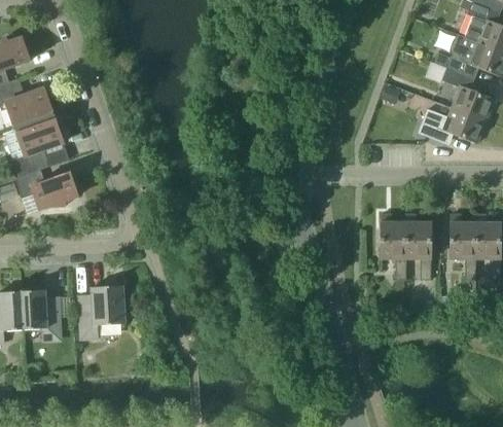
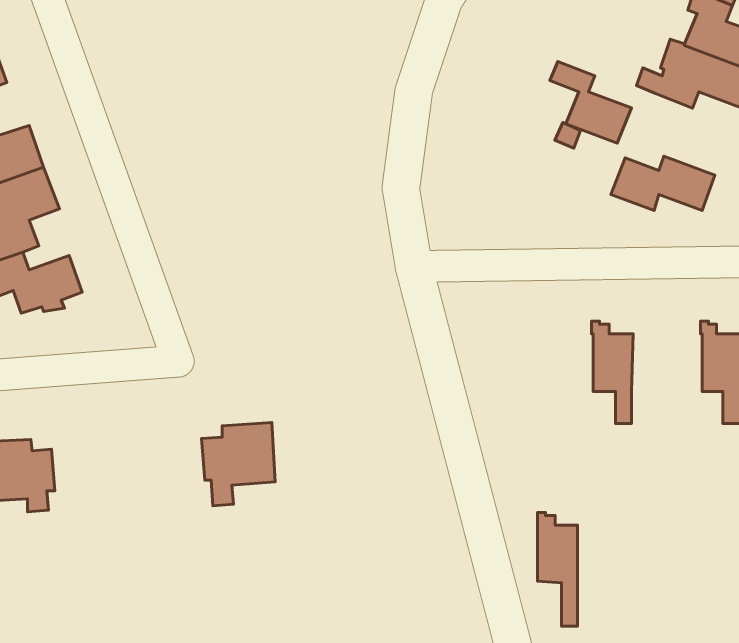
building: [441,68,494,120] -> [550,61,632,143]
building: [381,214,406,287] -> [538,512,578,626]
building: [450,214,476,280] -> none
building: [78,285,125,339] -> [201,423,275,506]

